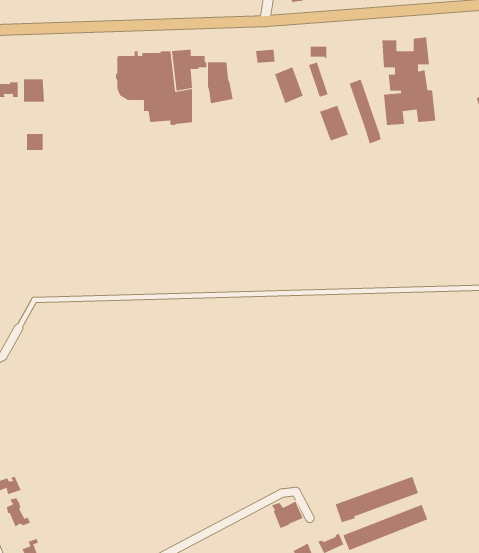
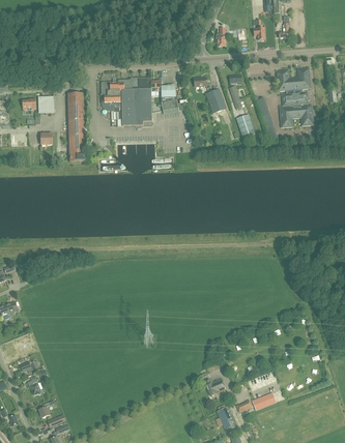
building: none -> [67,92,85,160]

